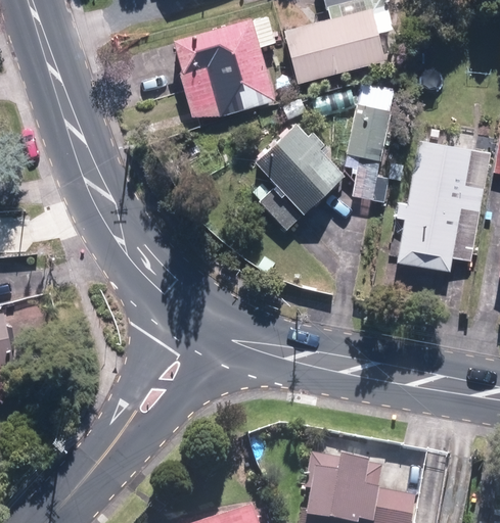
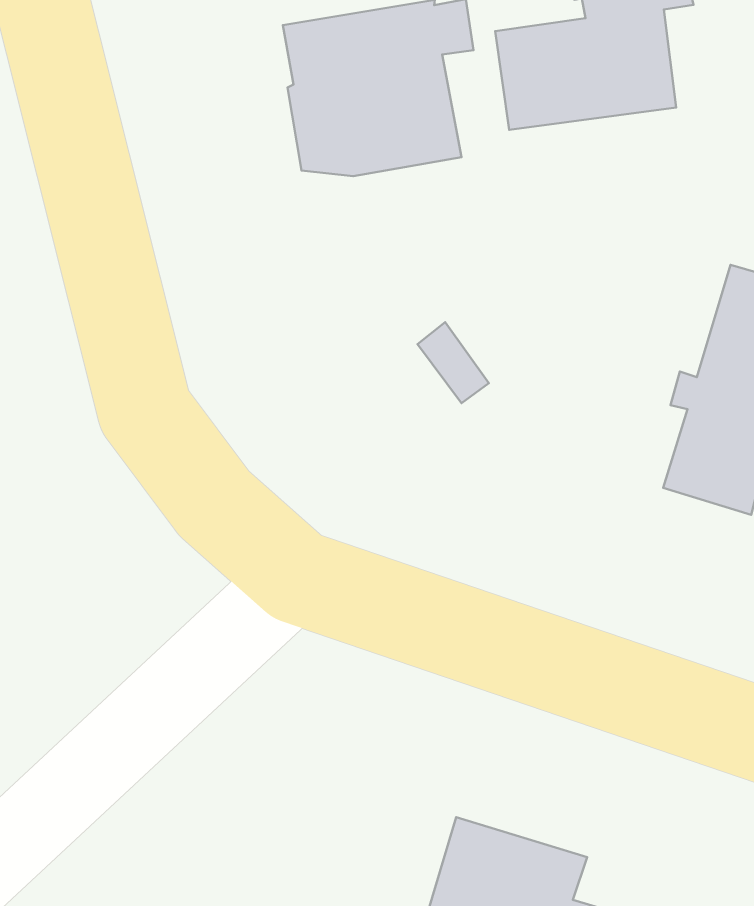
building: [350,100,393,200] -> none
building: [259,124,347,213] -> none

